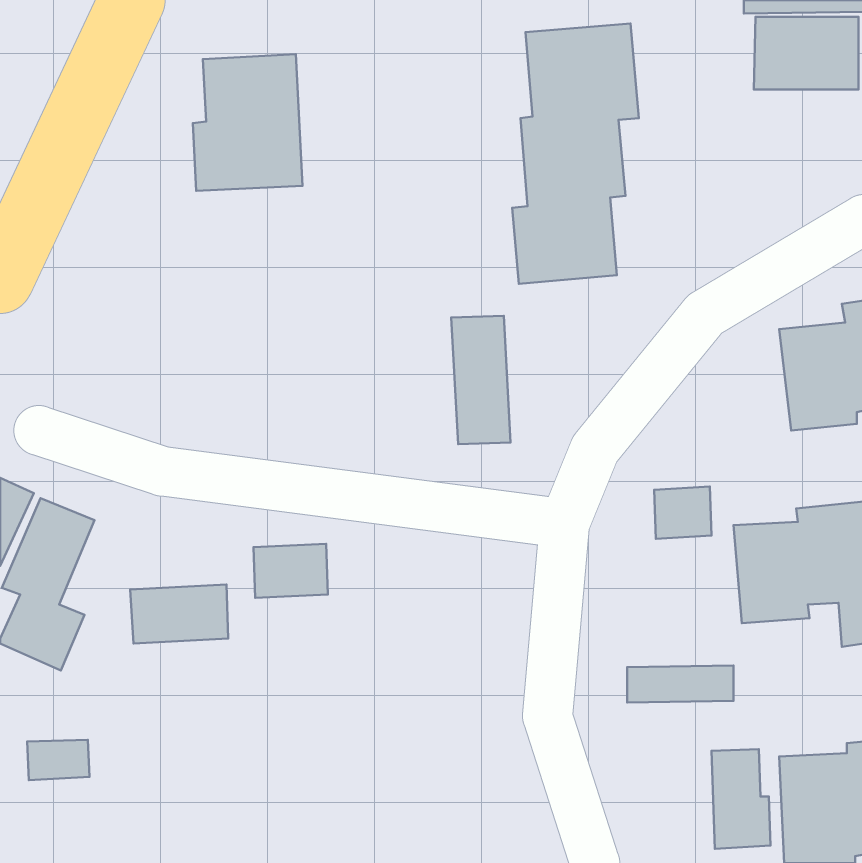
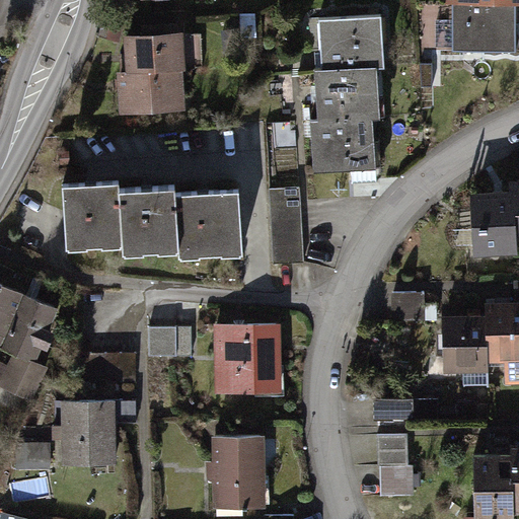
building: none -> [58,182,234,257]
building: none -> [216,323,282,393]
building: none -> [61,401,119,468]
building: none -> [211,435,266,512]
building: [711,749,771,849] -> [380,438,416,498]

